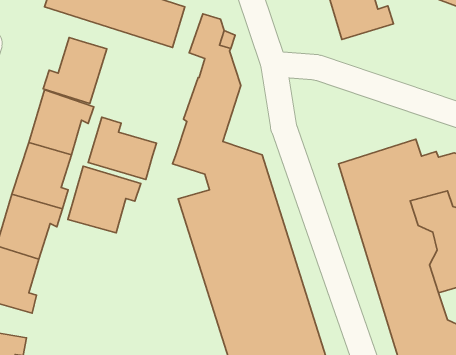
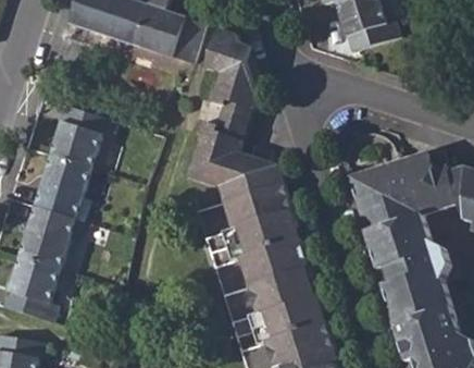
building: [43,37,107,103] -> none
building: [88,117,156,180] -> none
building: [68,166,141,233] -> none

